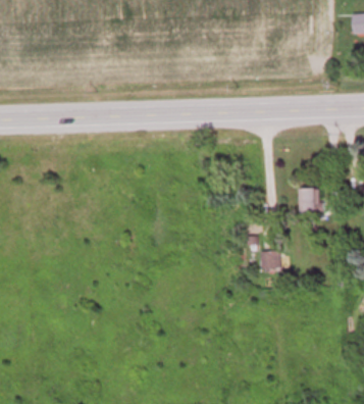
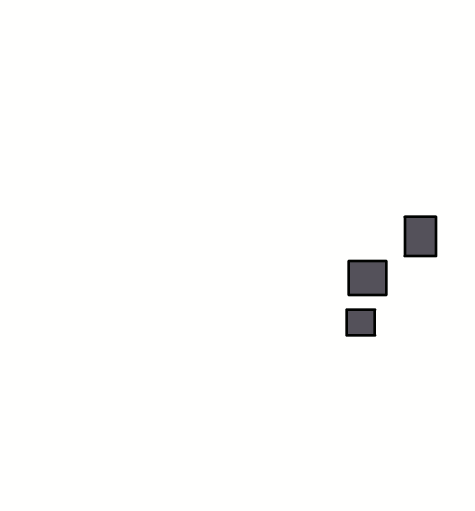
building: none -> [349,261,386,295]

